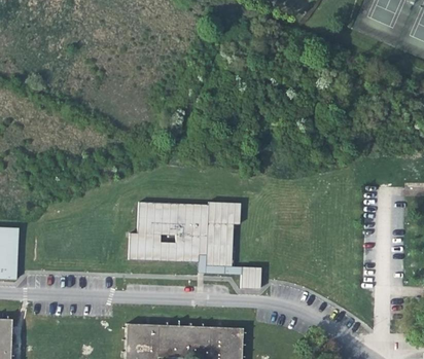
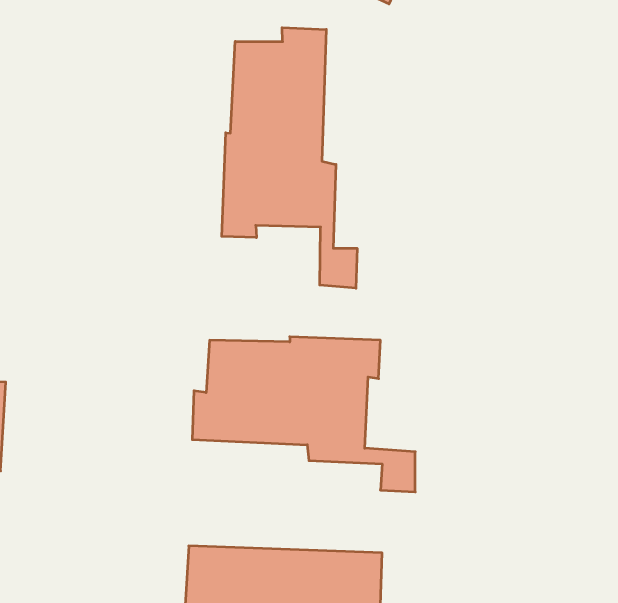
building: none -> [222,28,357,288]

